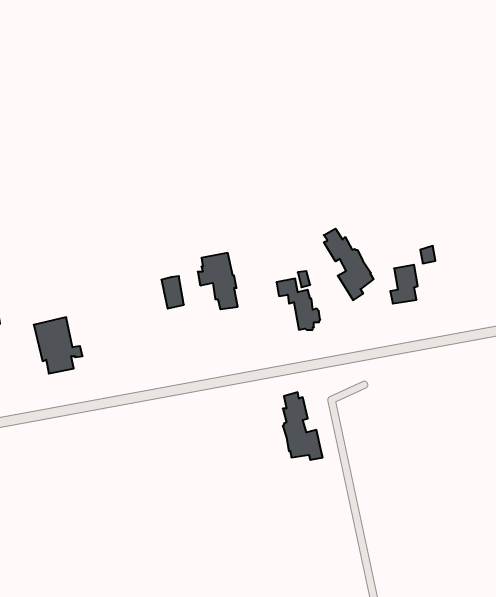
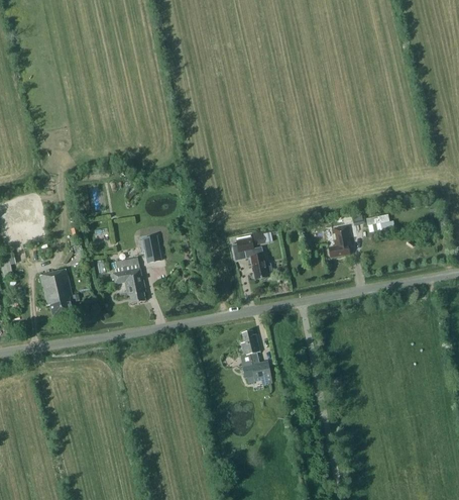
building: [324,229,374,300] -> none
building: [198,253,238,309] -> [111,257,143,302]

